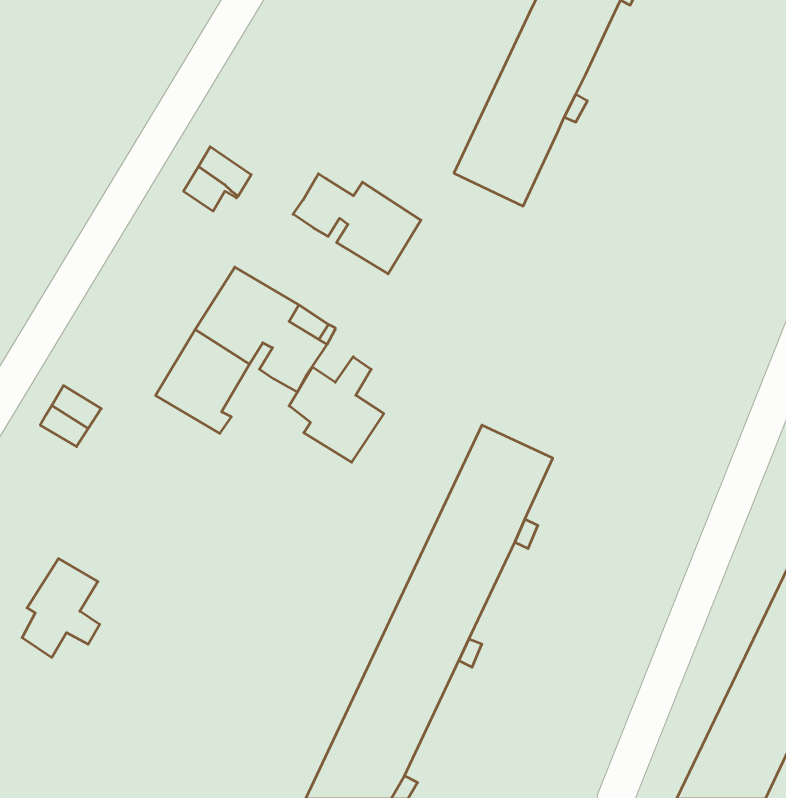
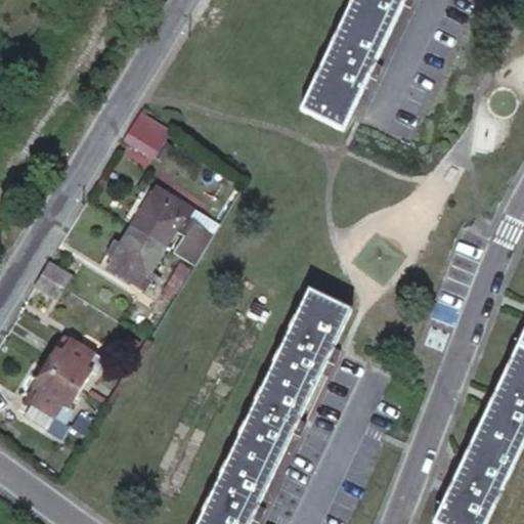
building: [293,174,421,274] -> none
building: [289,357,384,462] -> none
building: none -> [47,336,103,382]

